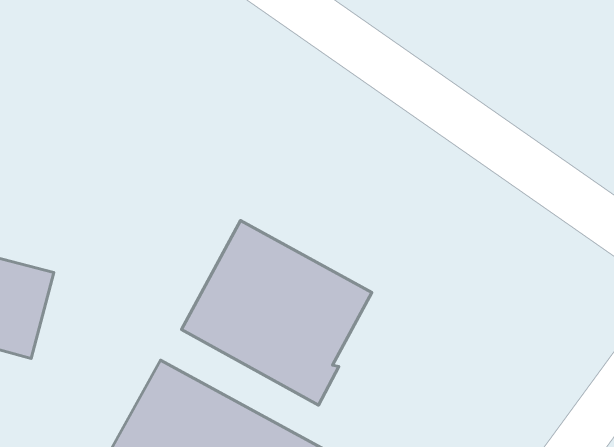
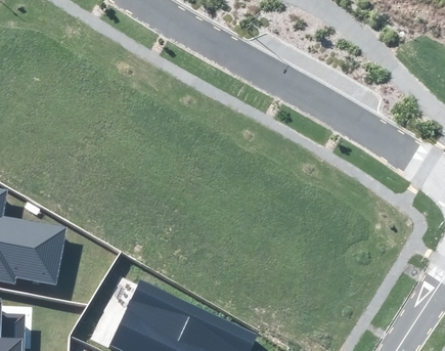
building: [181,221,372,405] -> none

